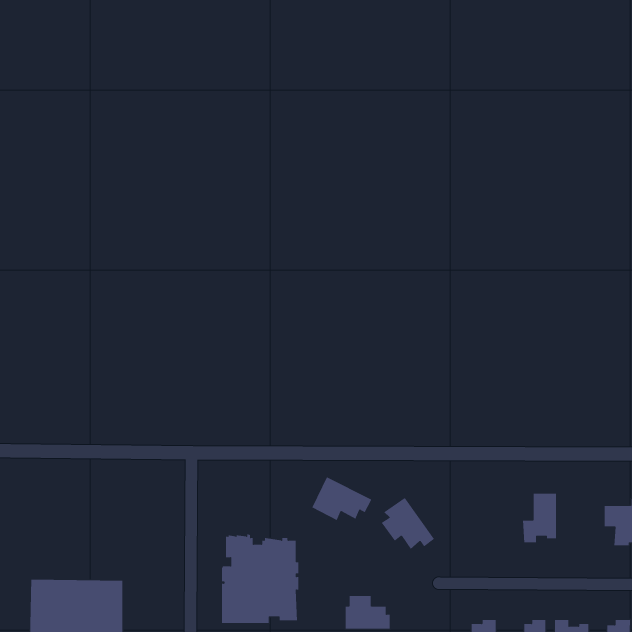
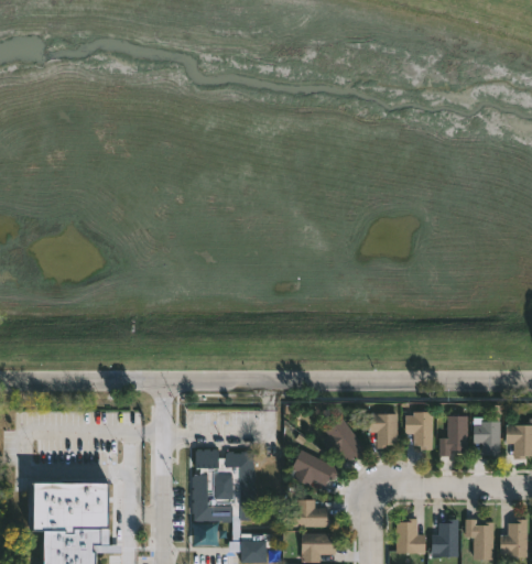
building: [312,477,372,521] -> [289,449,338,486]
building: none -> [405,411,432,449]
building: none -> [369,414,398,448]
building: none -> [474,422,500,459]

